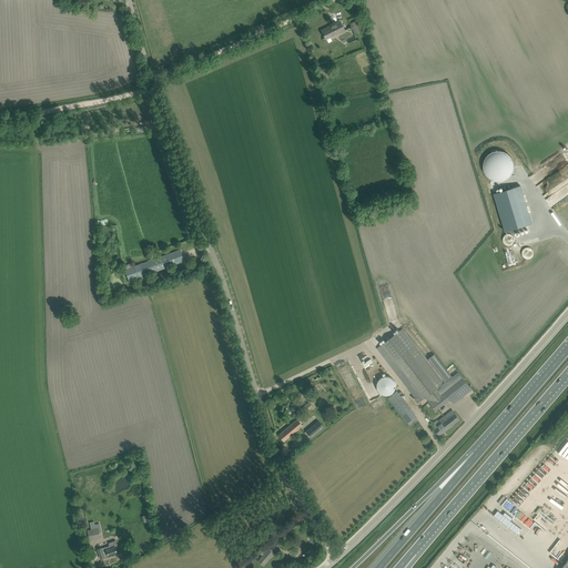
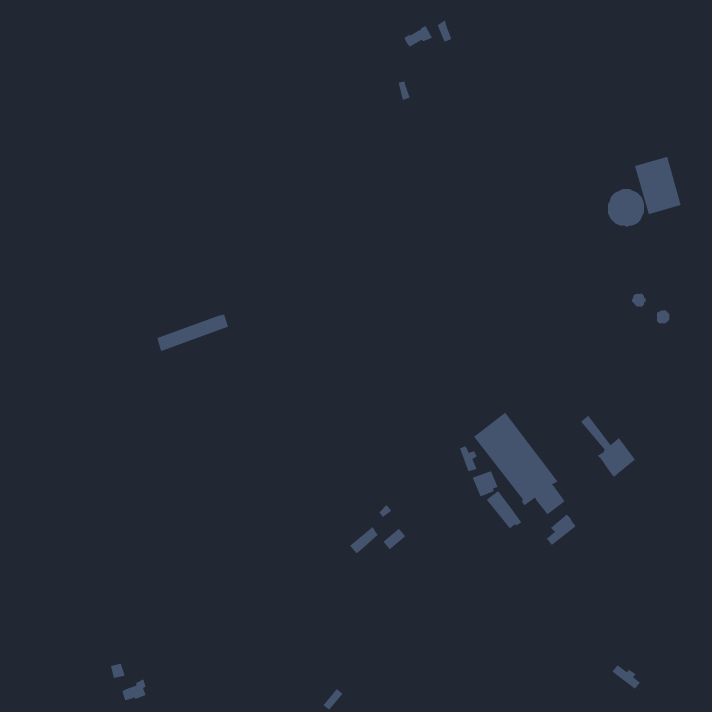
building: [493,184,530,231] -> [634,156,682,215]
building: [426,353,470,403] -> [580,415,636,478]

